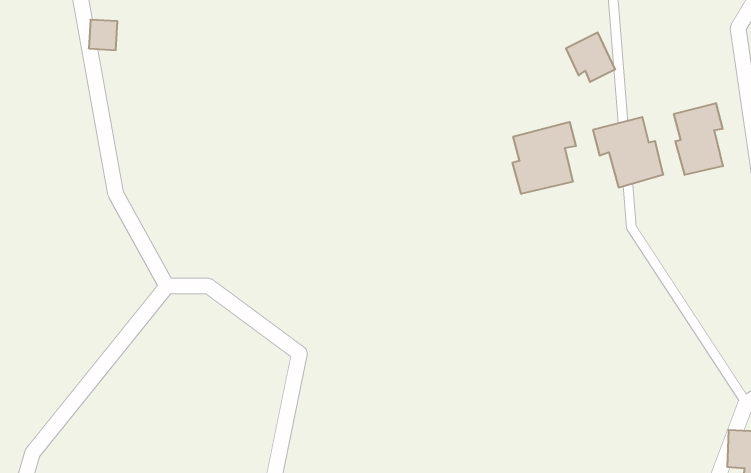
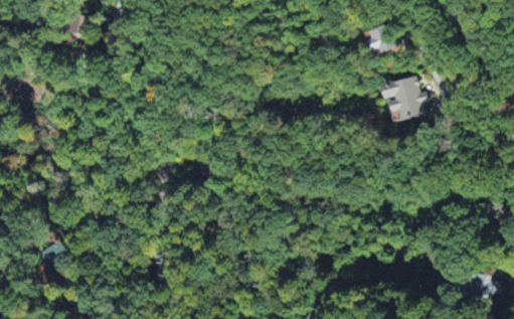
building: [674,103,723,175] -> none
building: [512,122,576,194] -> none

